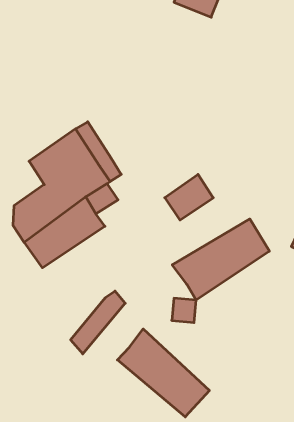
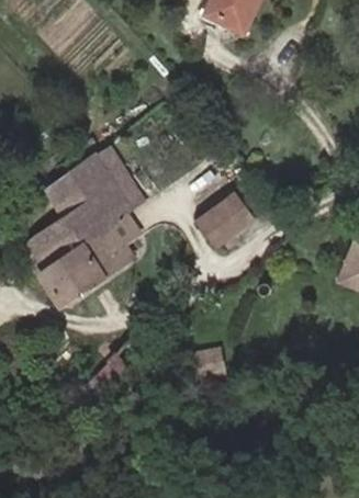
building: [172,219,269,300] -> none
building: [117,329,209,417] -> none

